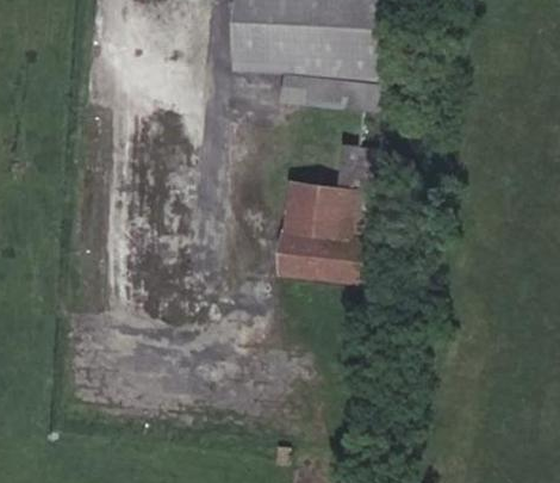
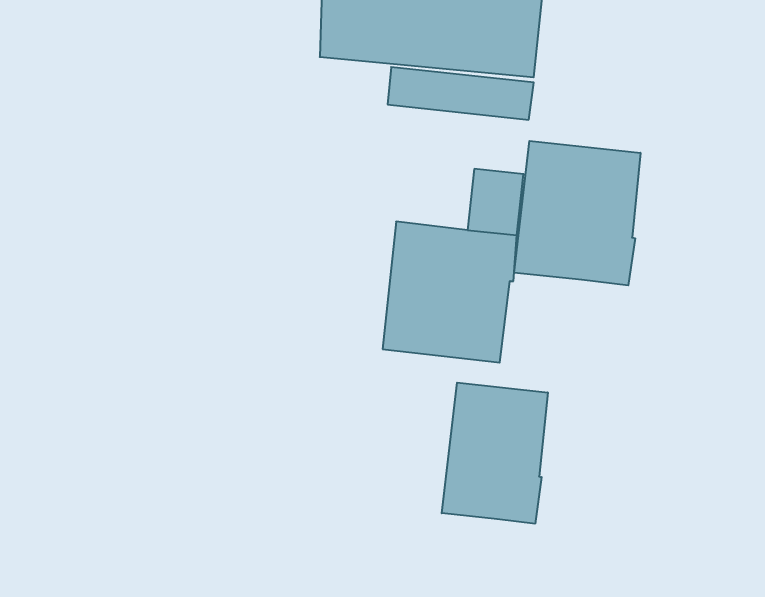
building: none -> [514,141,640,285]
building: none -> [442,383,548,524]

